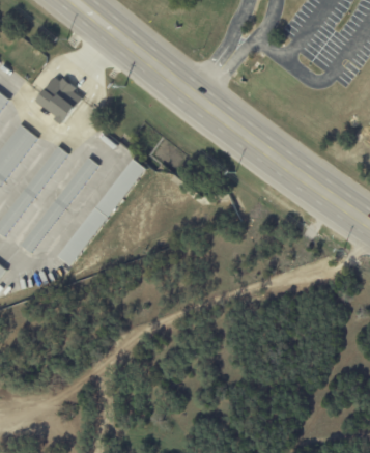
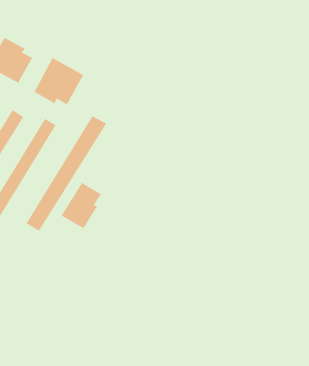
building: none -> [34,57,84,105]
building: none -> [60,182,102,229]

